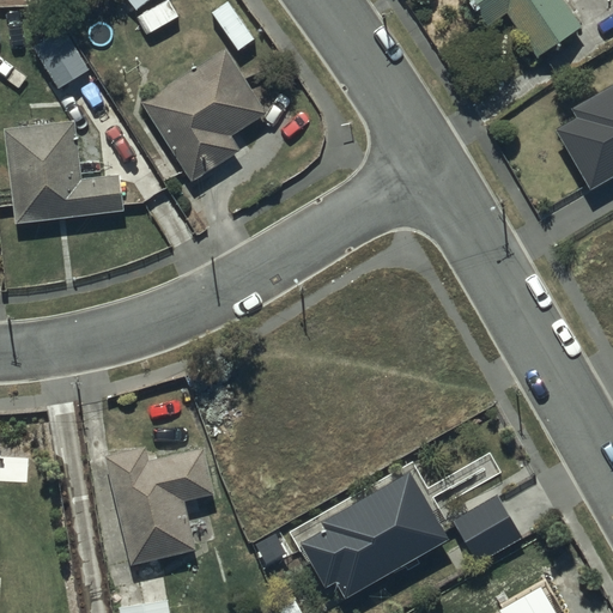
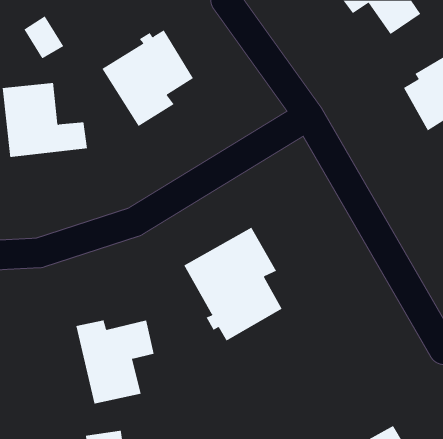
building: none -> [183,227,282,342]
building: [302,469,449,595] -> none
building: [454,496,523,565] -> none

